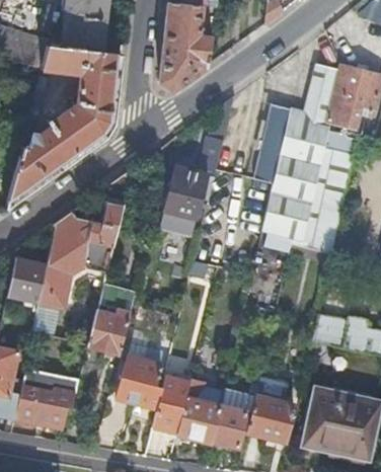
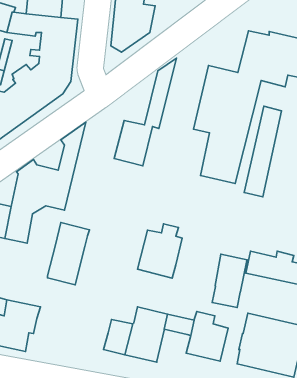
building: none -> [212,254,247,307]
building: [117,347,167,409] -> [138,224,182,278]
building: [212,405,246,448] -> none

